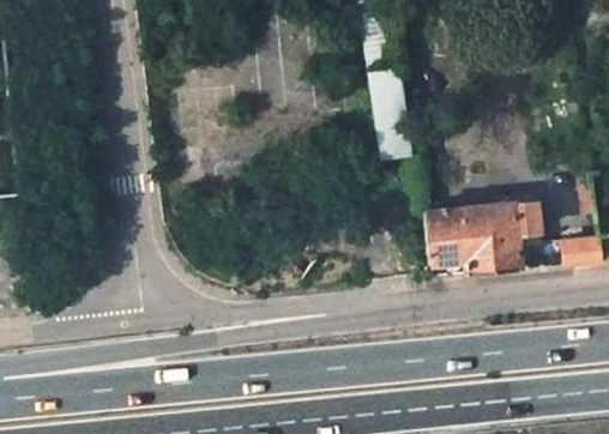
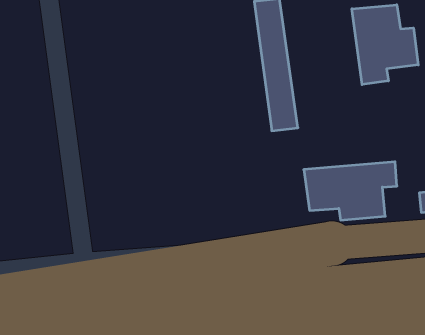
building: none -> [352,5,418,85]

